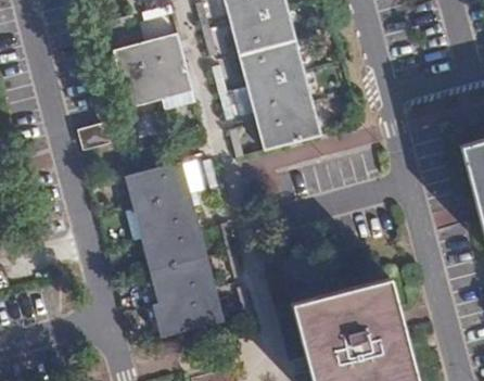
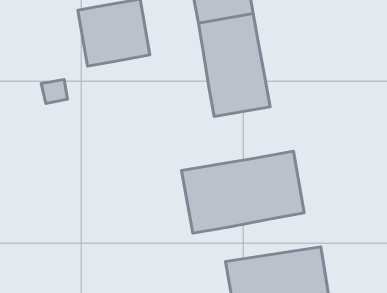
building: [124,162,224,339] -> none
building: none -> [182,151,304,233]

